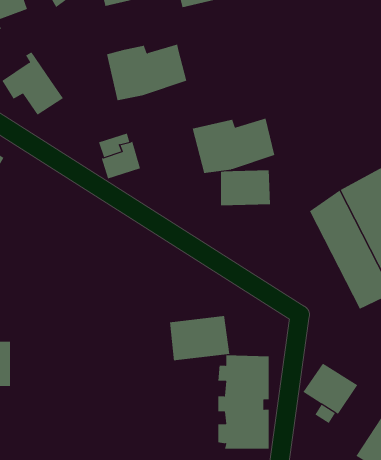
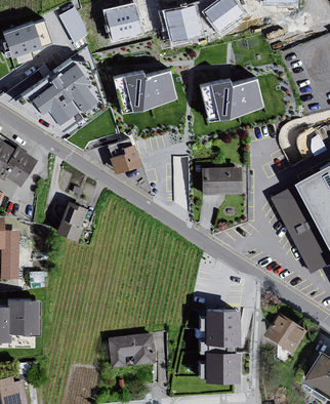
building: none -> [56,63,98,110]
building: [192,118,275,174] -> [200,78,264,121]
building: none -> [57,202,89,240]
building: [169,316,230,361] -> [109,332,156,367]

